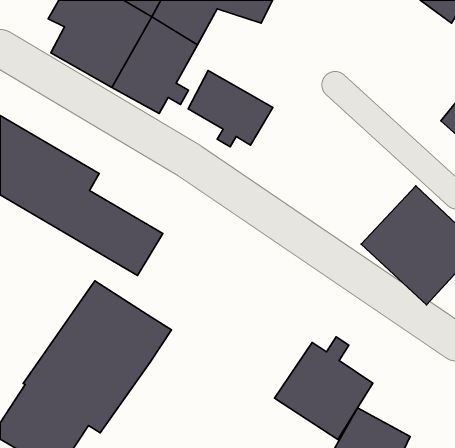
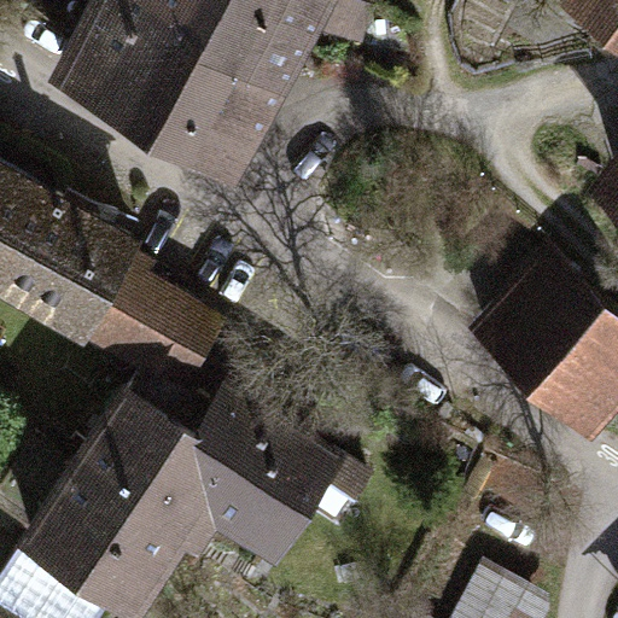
building: [188,71,273,147] -> none
building: none -> [205,406,369,547]
building: [275,337,373,440] -> none

